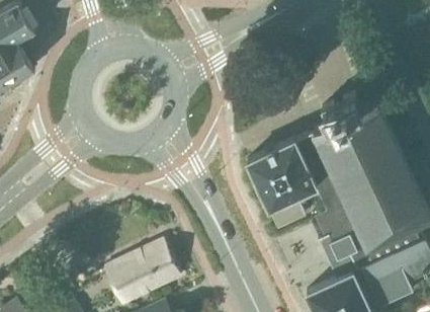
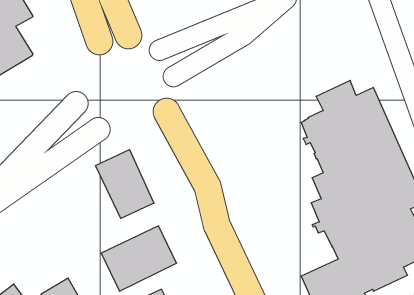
building: [247,135,329,229] -> none
building: none -> [96,150,154,218]

